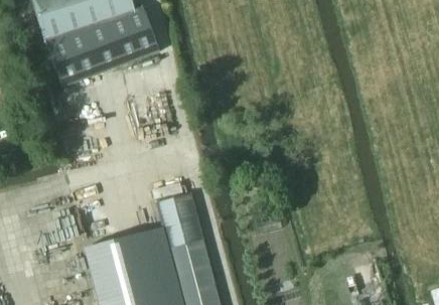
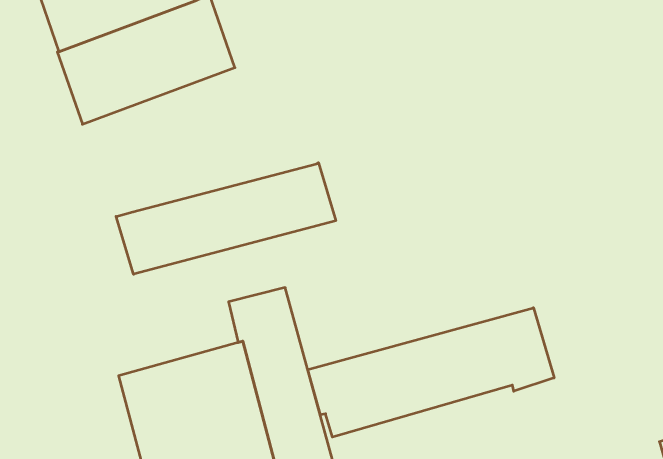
building: none -> [116,163,336,274]
building: none -> [308,308,554,437]

